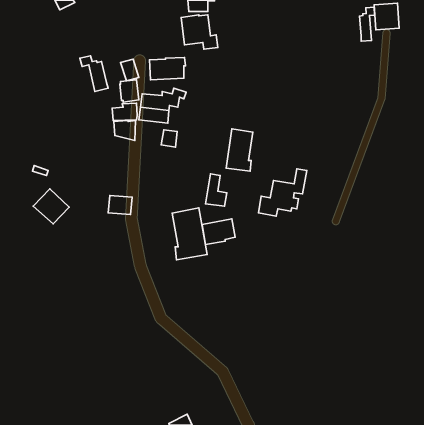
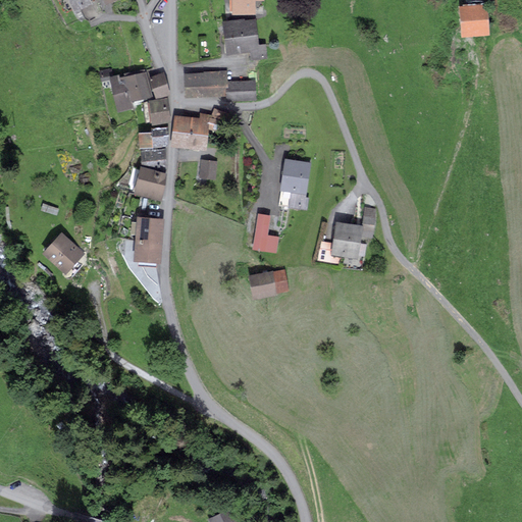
building: [360,7,374,41] -> none
building: none -> [124,68,152,101]
building: none -> [225,80,256,101]
building: none -> [133,166,165,201]
building: none -> [130,216,164,242]
building: [172,208,207,260] -> none

